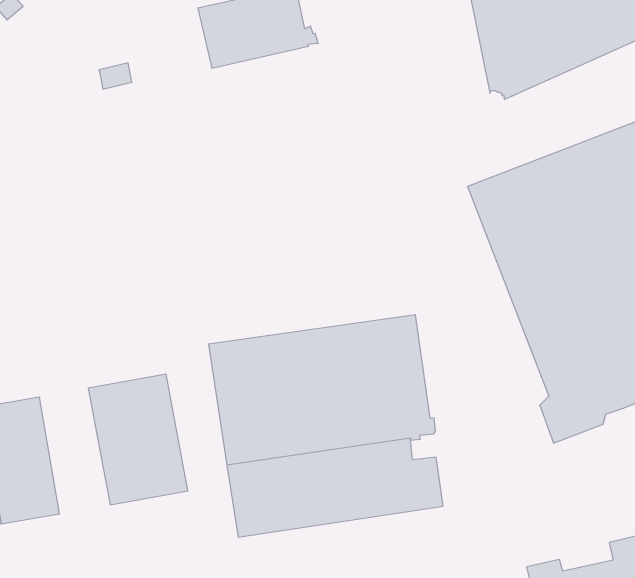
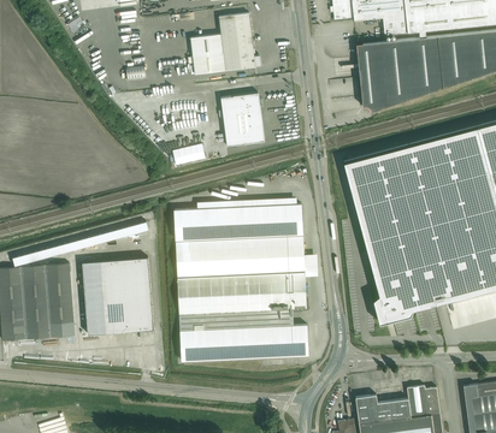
building: none -> [220,93,265,146]
building: none -> [175,203,302,241]
building: none -> [82,261,106,334]

